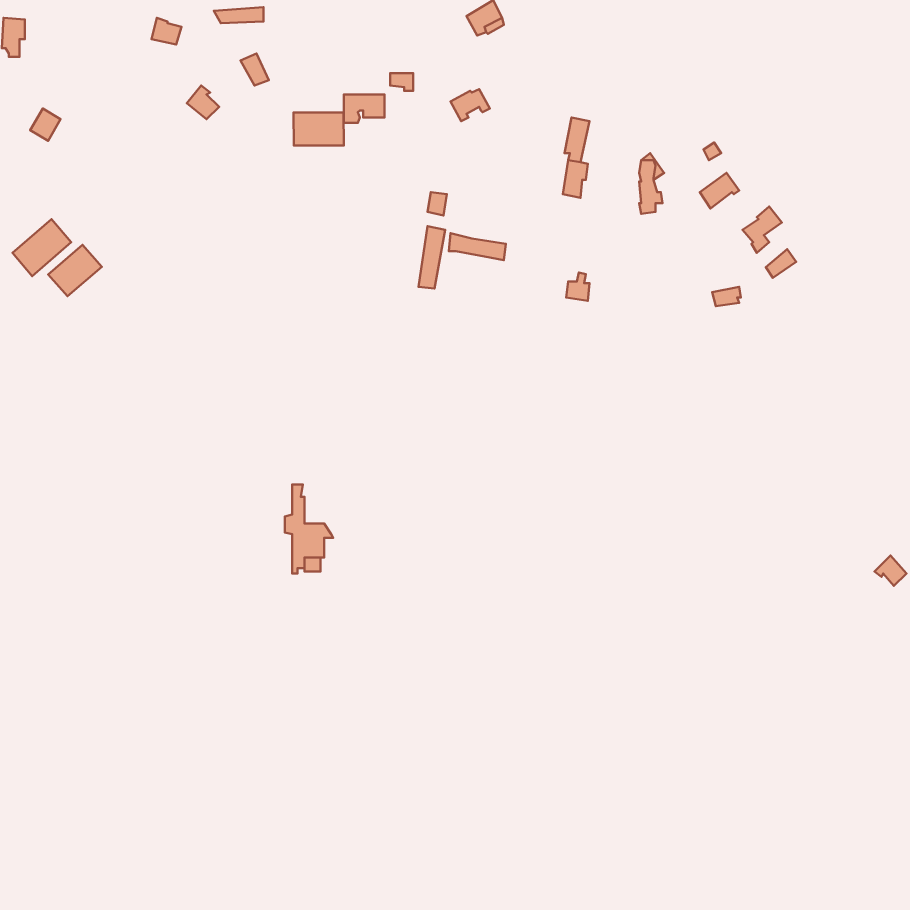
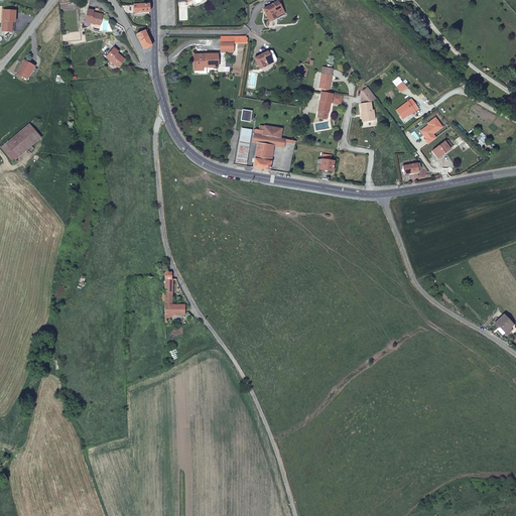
building: [294,113,344,146] -> none
building: [48,245,102,296] -> none
building: none -> [254,142,274,169]

